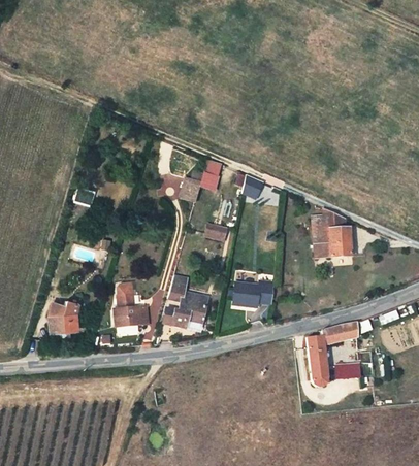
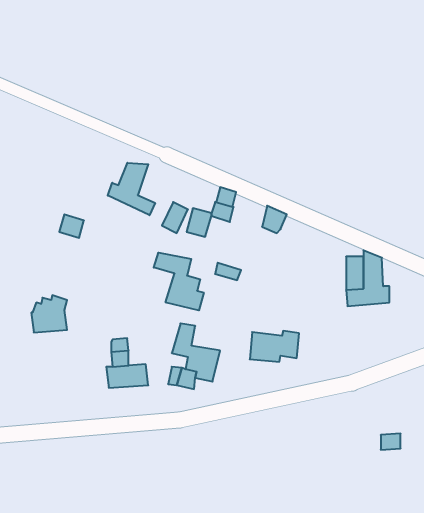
building: none -> [108,163,155,215]
building: none -> [154,253,204,310]
building: [49,301,78,332] -> [31,295,67,332]
building: [307,323,357,386] -> none

